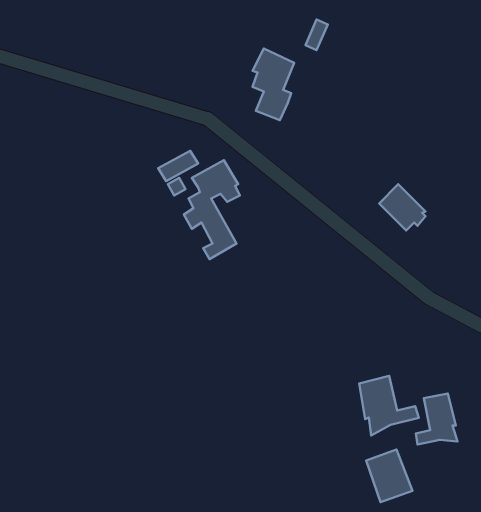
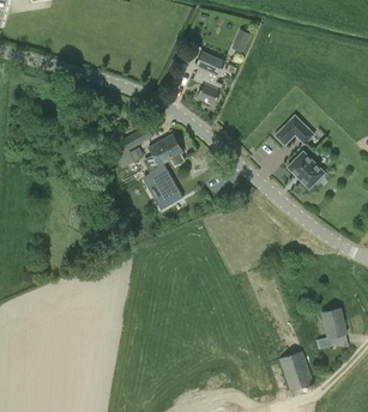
building: none -> [275,115,314,145]
building: [359,376,419,435] -> none

